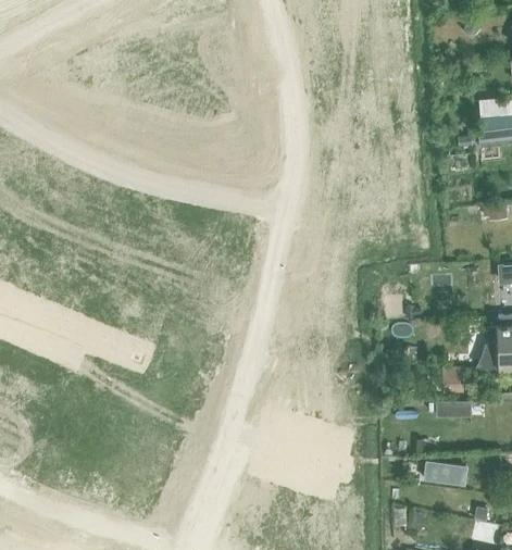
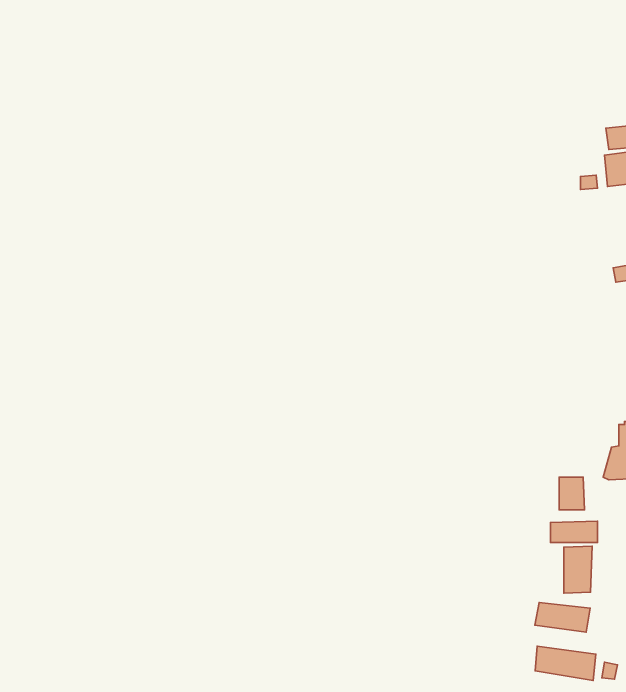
building: none -> [564,546,592,593]
building: none -> [535,646,596,680]

